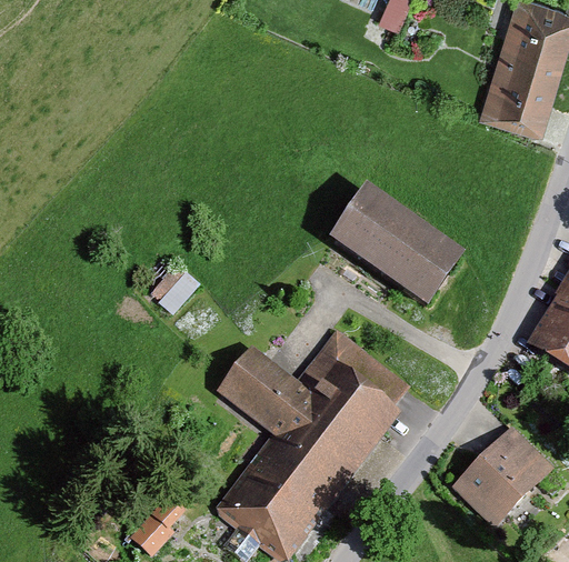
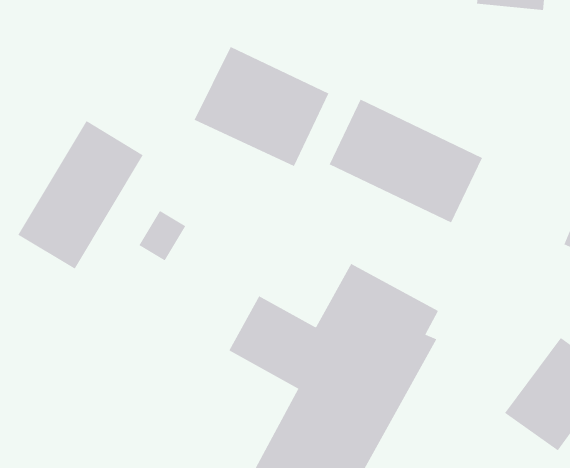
building: none -> [194,46,329,167]
building: none -> [17,120,144,270]

